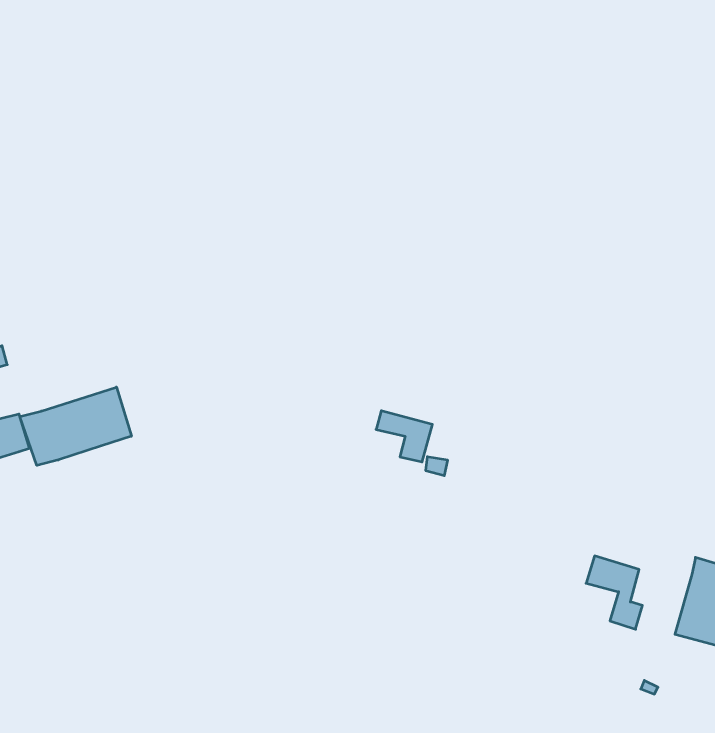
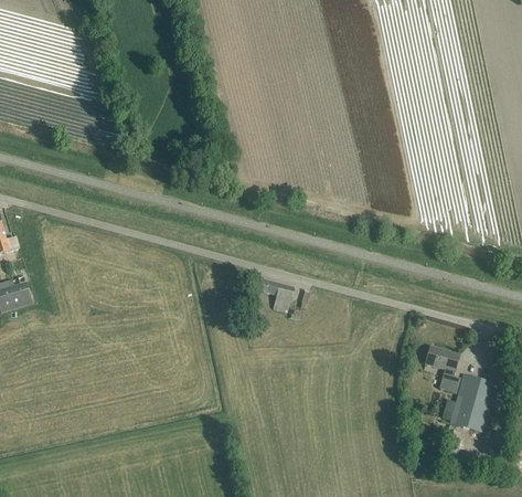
building: [20,387,131,465] -> none
building: [586,556,642,629] -> [425,345,461,392]

